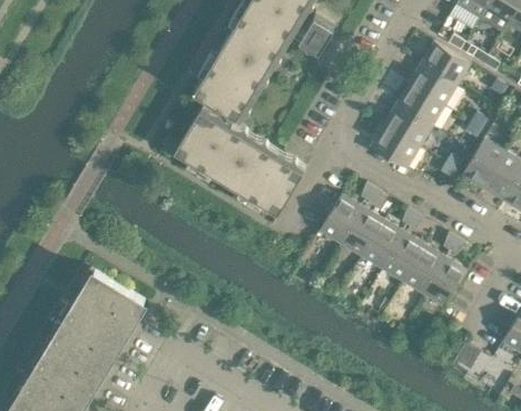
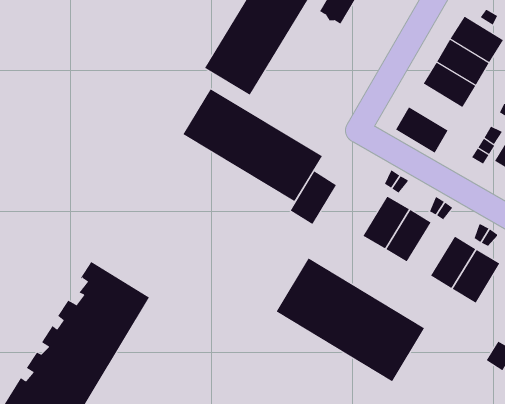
building: [383,106,433,149] -> none
building: [320,196,363,246] -> [290,171,337,225]
building: [382,234,425,283] -> none
building: none -> [276,258,425,382]

